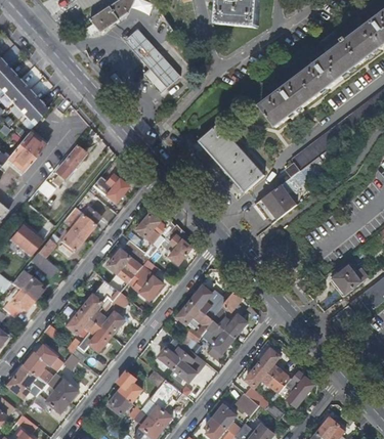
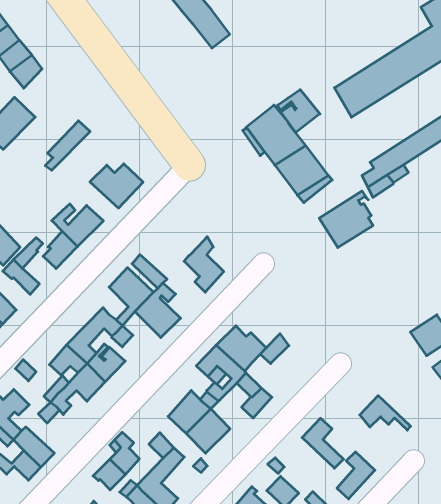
building: none -> [278,90,320,132]
building: [137,214,175,246] -> none
building: [213,311,247,336] -> none
building: [247,363,285,387] -> [360,396,411,430]

